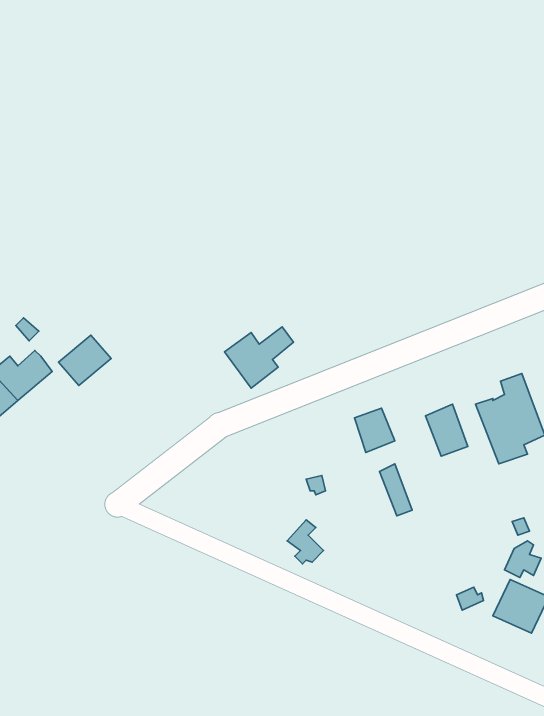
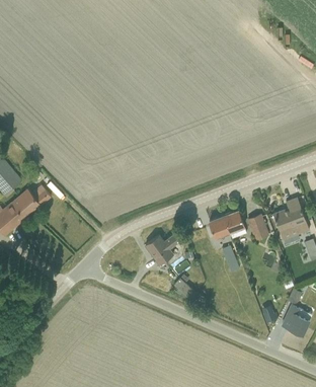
building: [224,327,294,388] -> [145,232,181,264]
building: [59,335,111,385] -> none
building: none -> [223,211,246,238]

